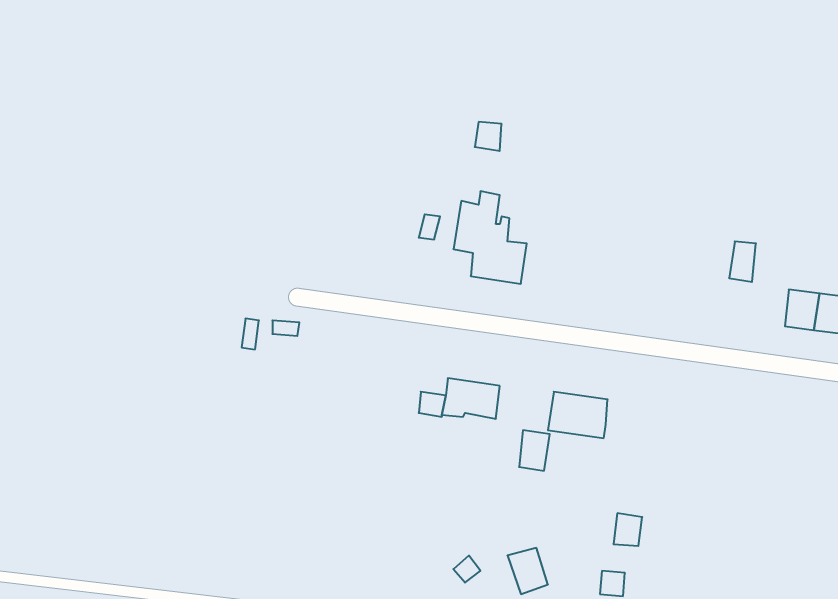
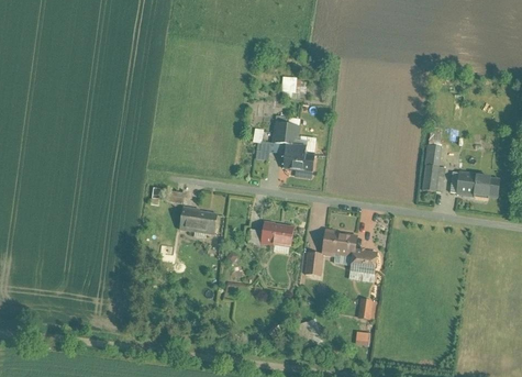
building: none -> [422,165,444,191]
building: none -> [175,203,215,236]
building: none -> [352,248,379,274]

